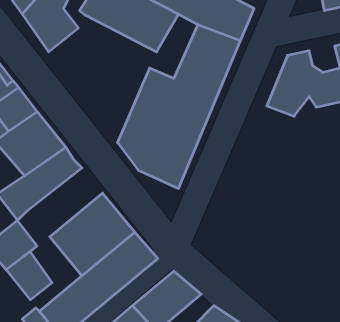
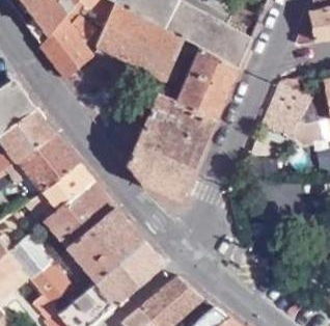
building: none -> [47,185,114,247]

